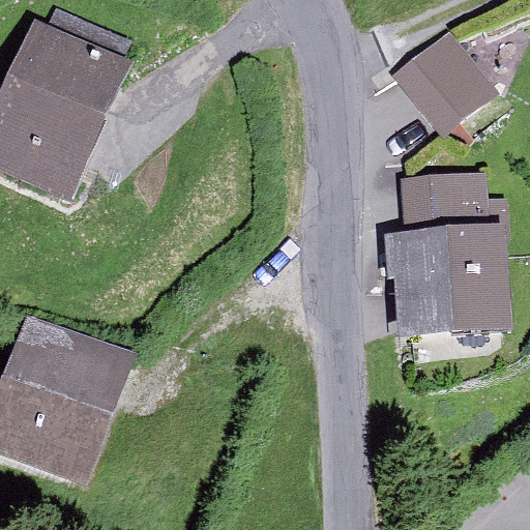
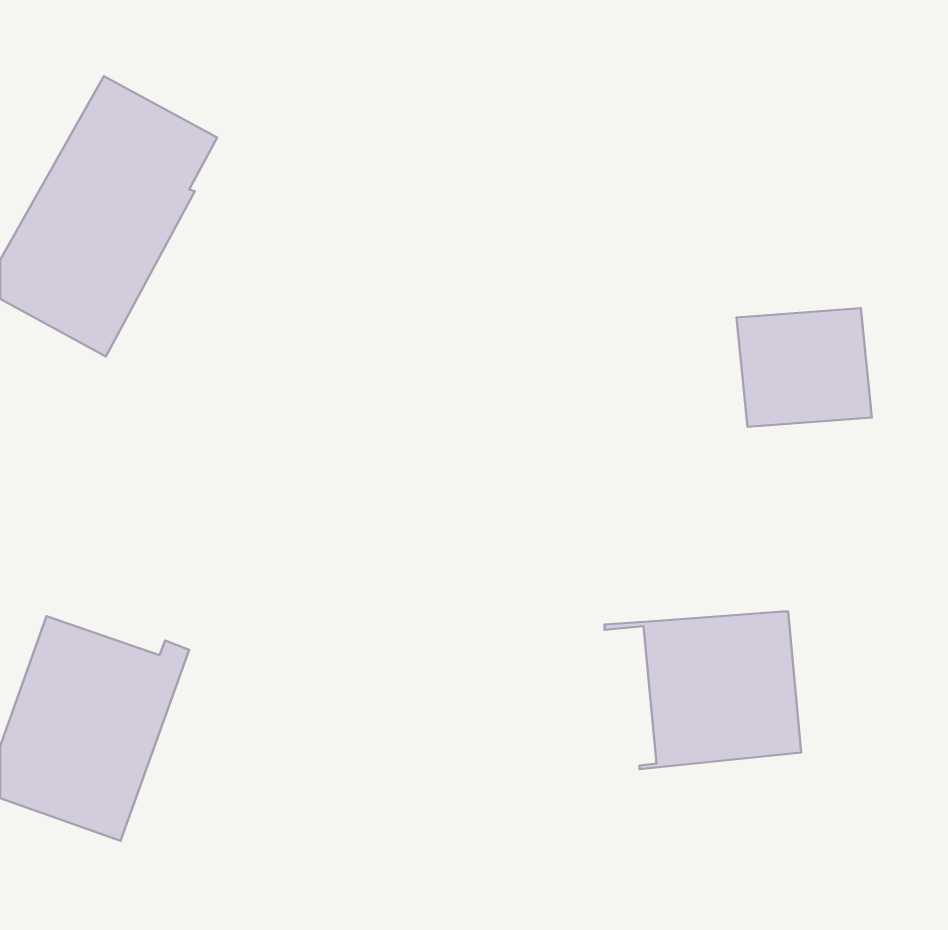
building: [400,32,487,120] -> none
building: [387,233,497,321] -> [604,611,801,769]

